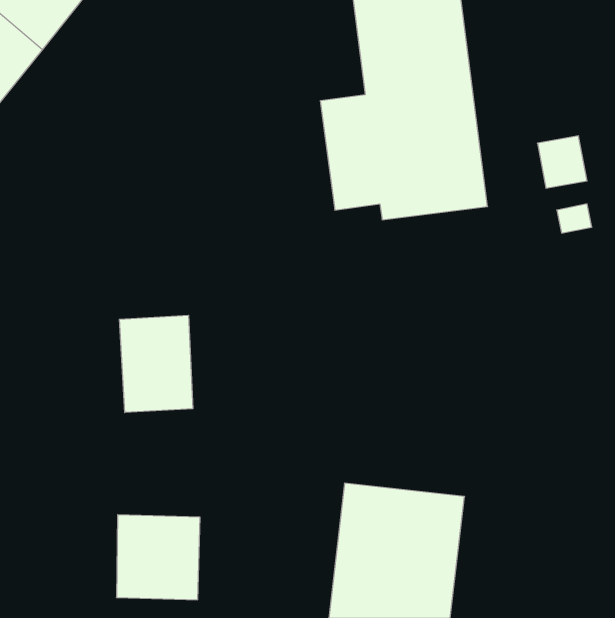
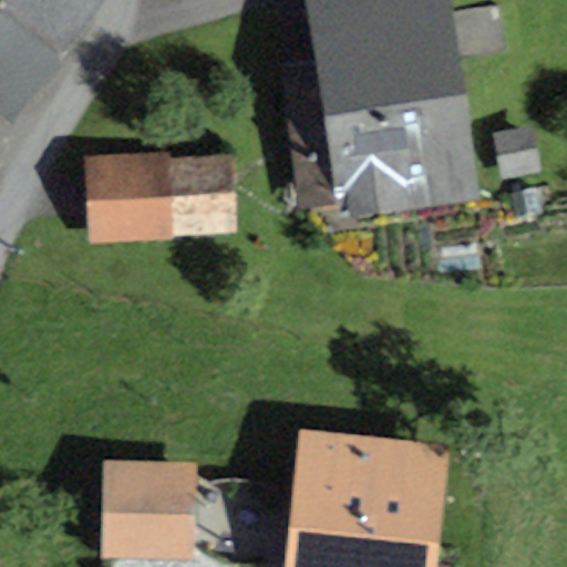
building: none -> [94,159,224,234]
building: [119,315,193,413] -> none

